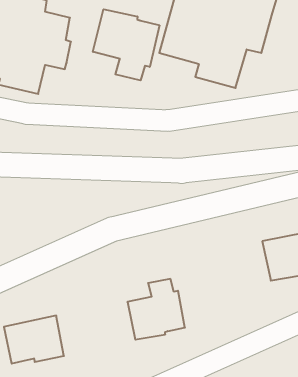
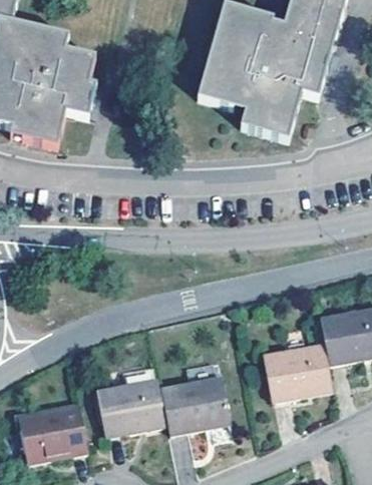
building: [93,9,159,80] -> none
building: none -> [262,344,331,402]
building: none -> [95,364,165,434]

